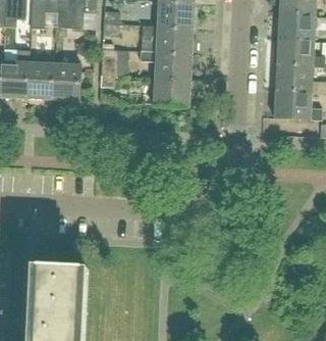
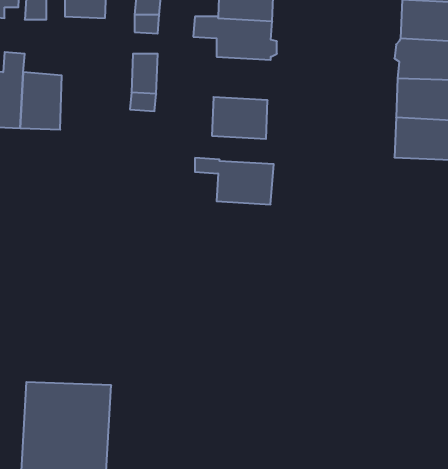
building: [140,49,192,80] -> [195,158,274,204]
building: [53,63,80,100] -> none

